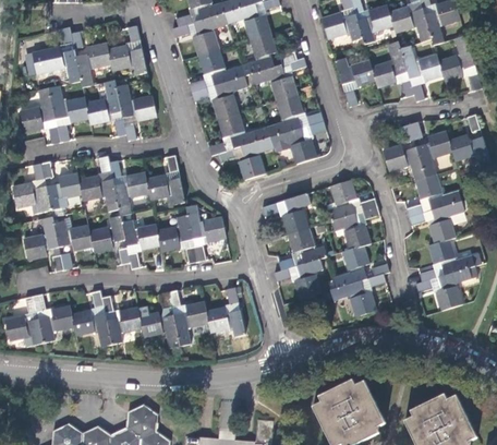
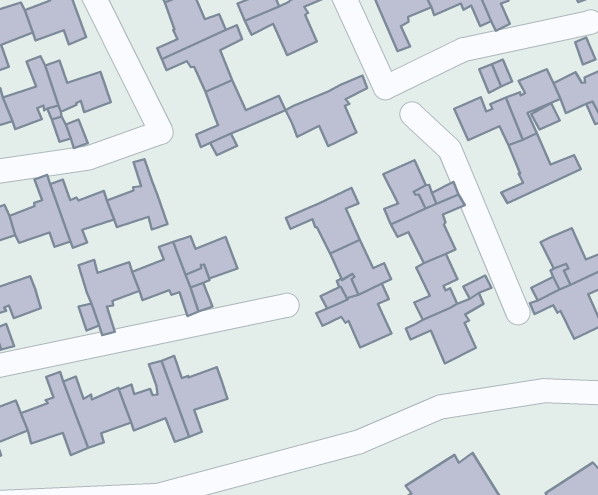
building: [272,94,324,134] -> none
building: [239,136,274,179] -> none
building: [409,200,463,242] -> none
building: [90,217,124,252] -> none
building: [206,286,244,335] -> none

